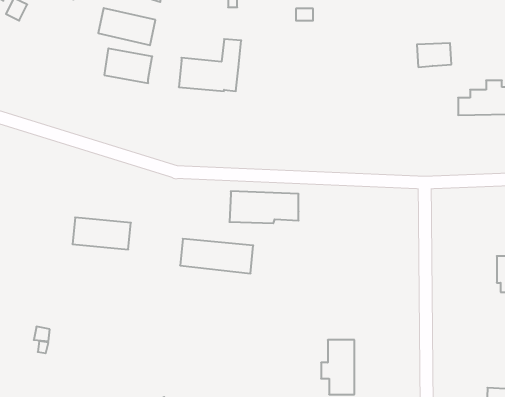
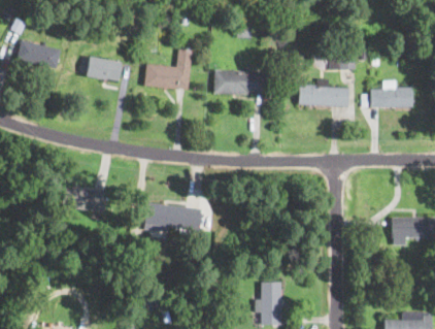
building: [98,8,155,45] -> [16,40,61,69]
building: none -> [297,79,349,107]
building: [229,191,299,223] -> [213,70,267,95]

